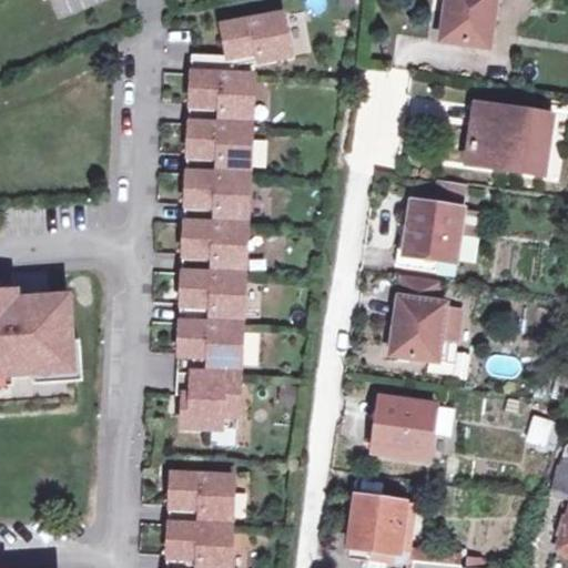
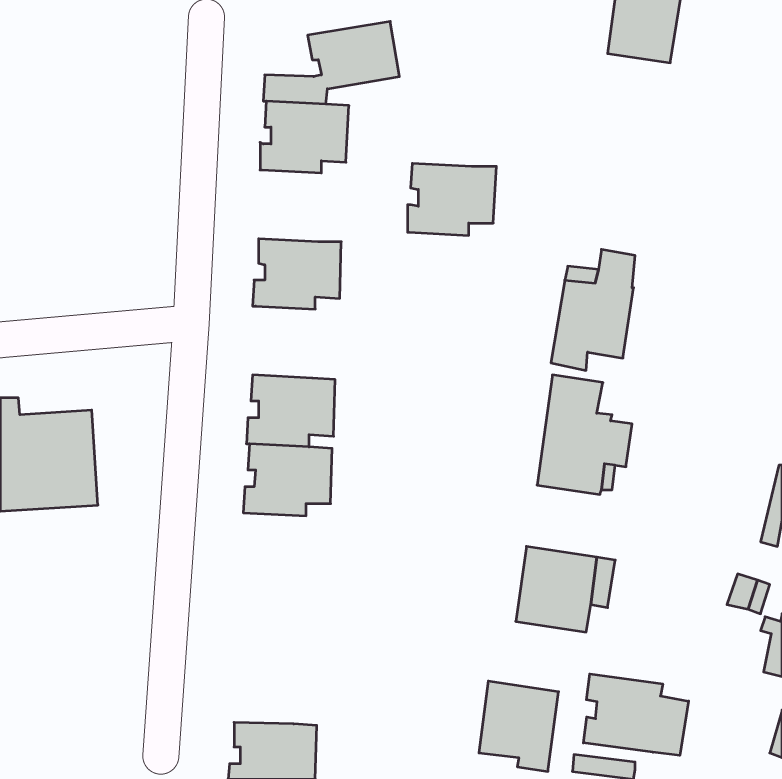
building: [468,108,547,170] -> none
building: [186,123,251,175] -> [408,163,496,235]
building: [181,222,245,274] -> none
building: [175,372,239,429] -> none
building: [168,473,233,525] -> none
building: none -> [583,674,689,755]

